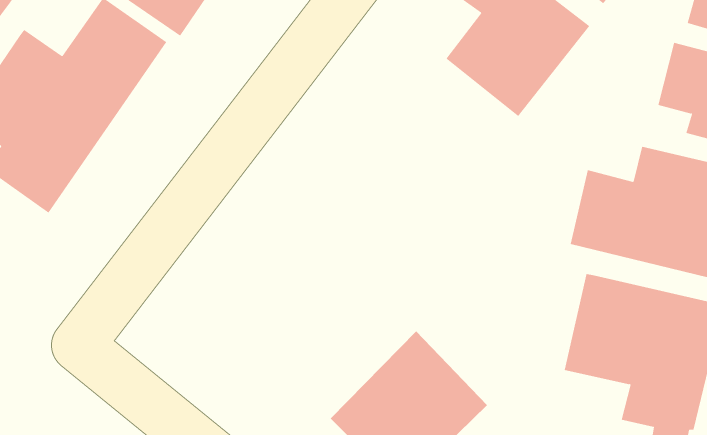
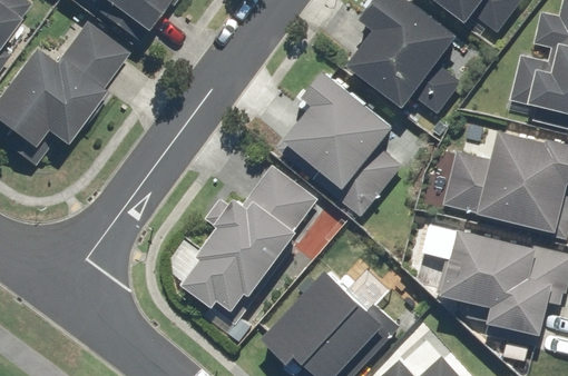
building: none -> [273,73,403,216]
building: none -> [172,164,319,339]

